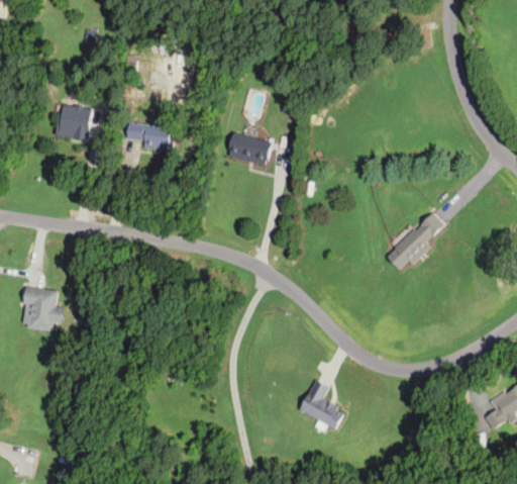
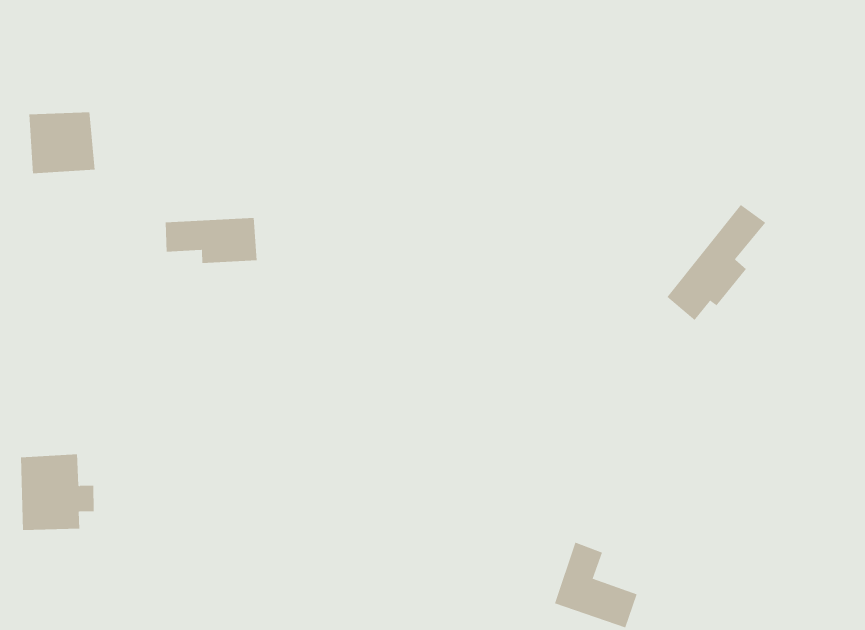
building: [124,122,175,151] -> [165,217,258,264]
building: [226,132,272,165] -> none

